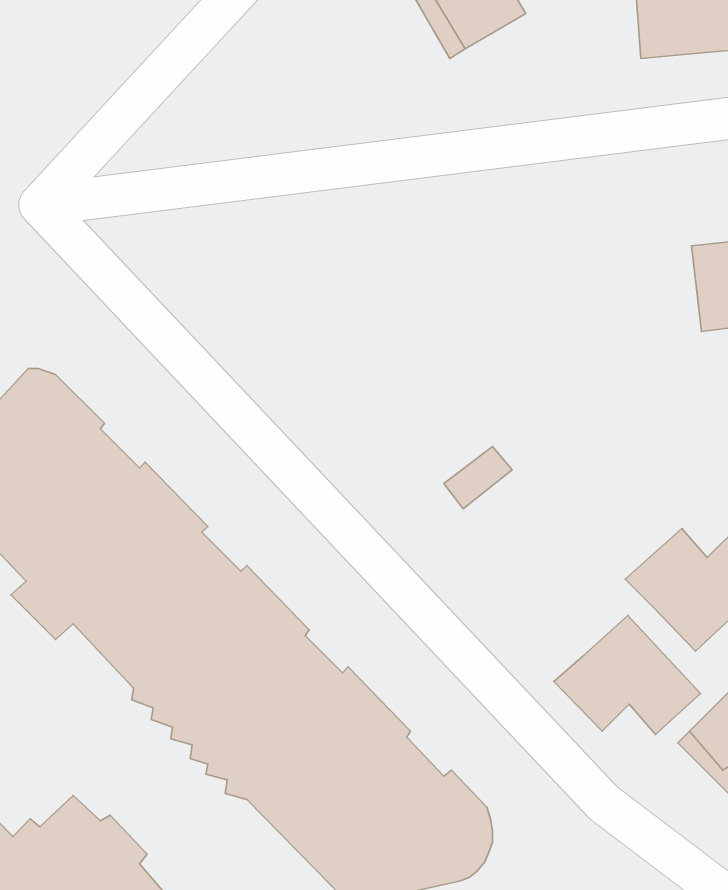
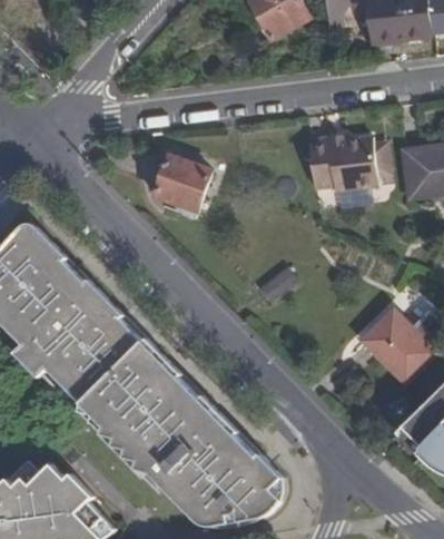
building: none -> [309,138,376,193]
building: none -> [159,163,211,215]
building: [554,615,701,735] -> none

